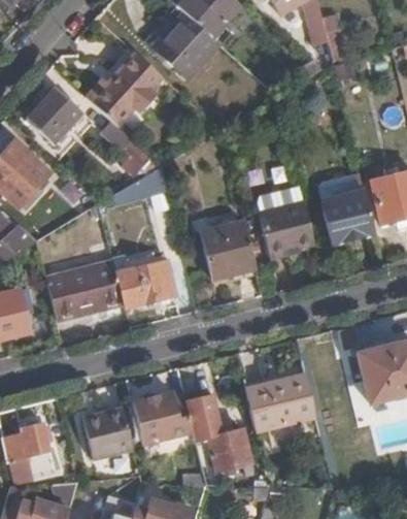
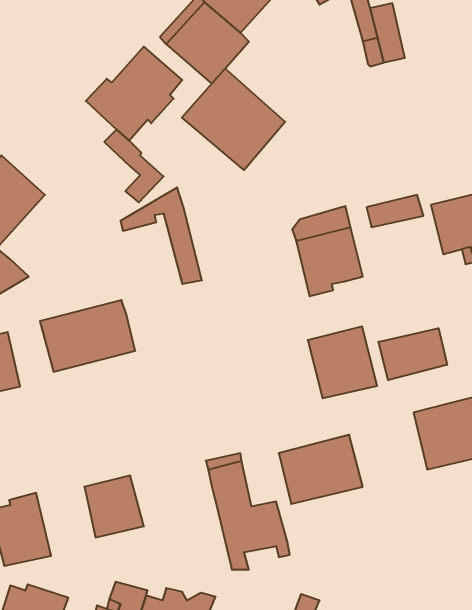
building: none -> [182,69,285,170]
building: [24,83,84,145] -> none
building: [323,190,376,241] -> none
building: [200,220,258,280] -> [308,327,377,398]
building: [118,260,177,307] -> none
building: none -> [378,328,447,380]
building: [133,391,194,444] -> none

